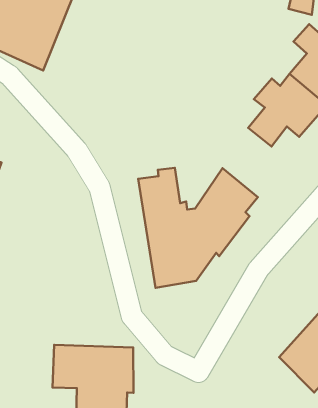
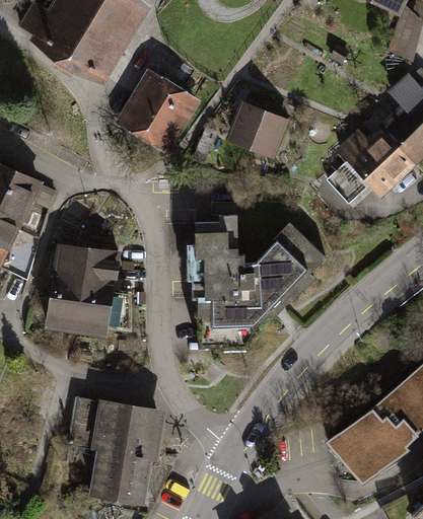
building: none -> [115,68,200,154]
building: none -> [223,99,290,158]
building: none -> [42,242,130,337]

